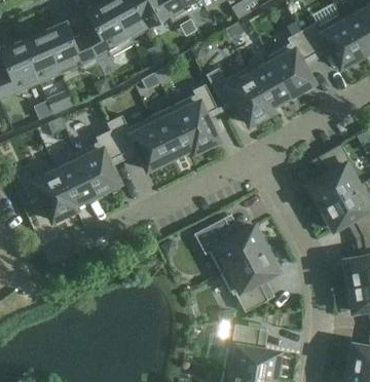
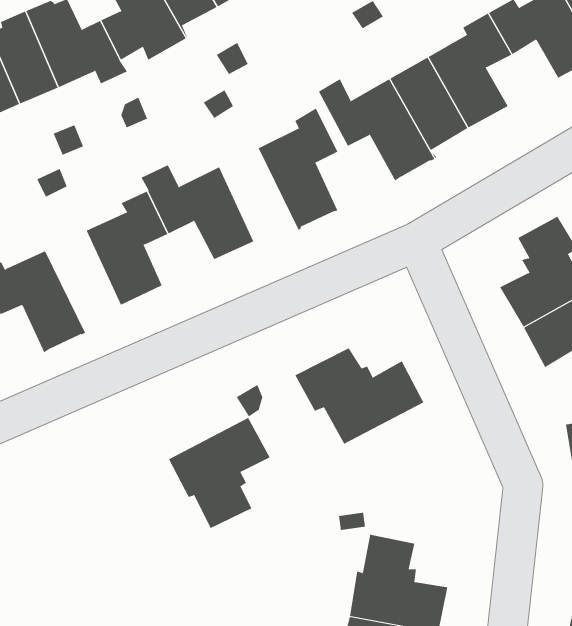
building: [150,107,194,159] -> none
building: [52,153,95,211] -> none
building: [220,250,278,312] -> [168,417,271,529]

